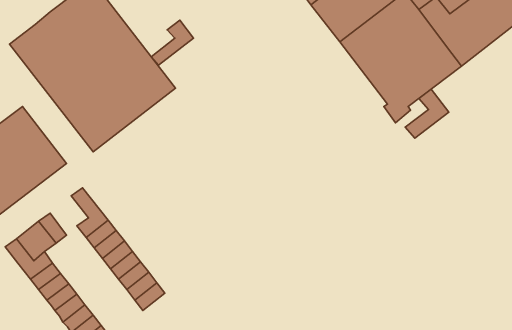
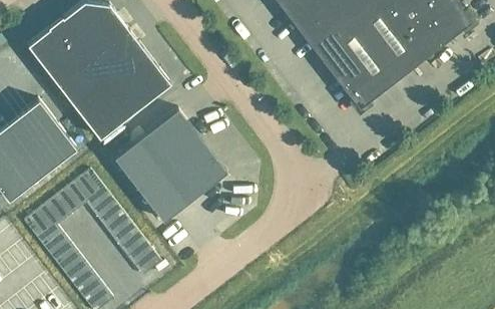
building: [151,20,194,65] -> none
building: [405,89,449,138] -> none
building: none -> [114,108,226,221]
building: none -> [62,177,95,211]

